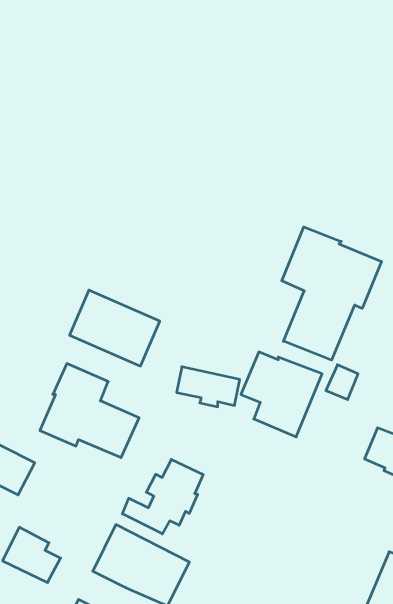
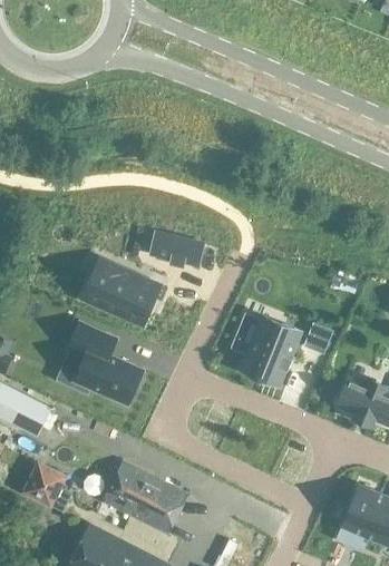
building: [282,227,382,360] -> none
building: [177,367,240,407] -> [149,233,204,267]
building: [122,459,203,534] -> none

